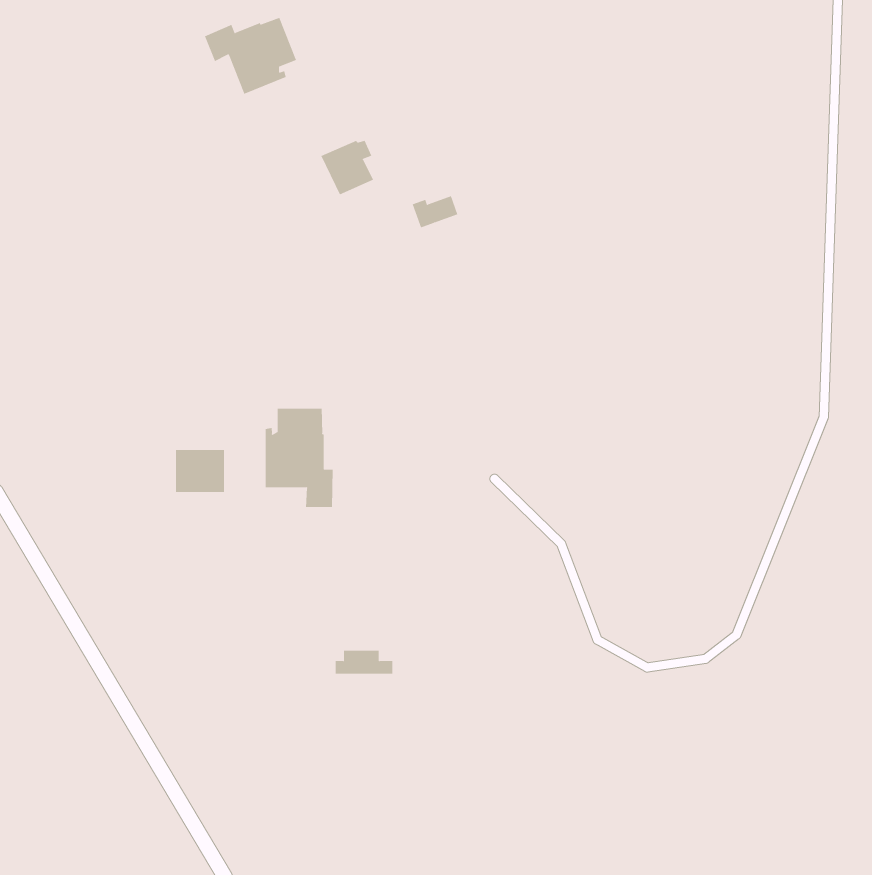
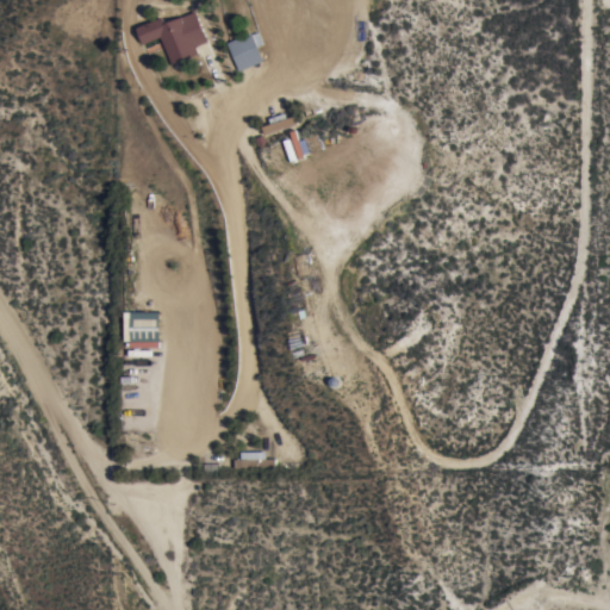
building: [321,140,374,195] -> [224,35,261,73]
building: [265,408,333,508] -> none

